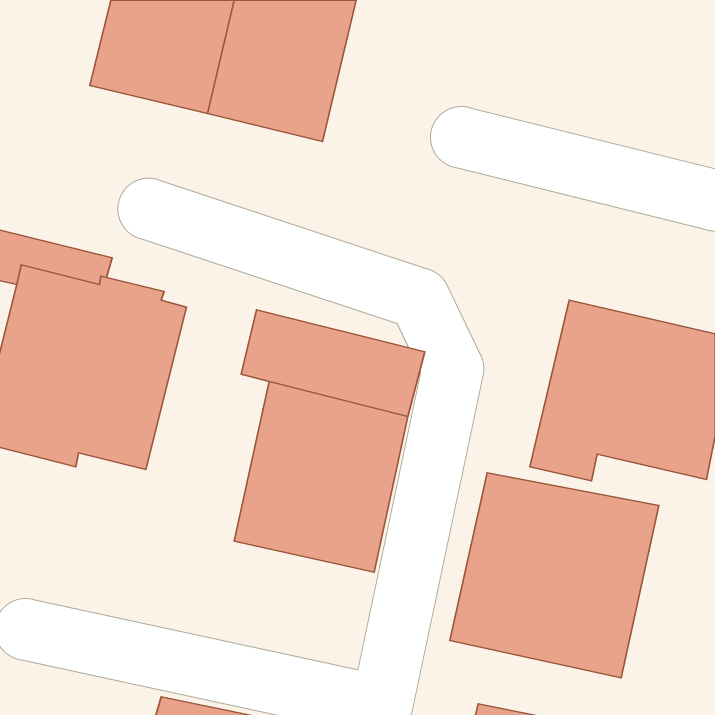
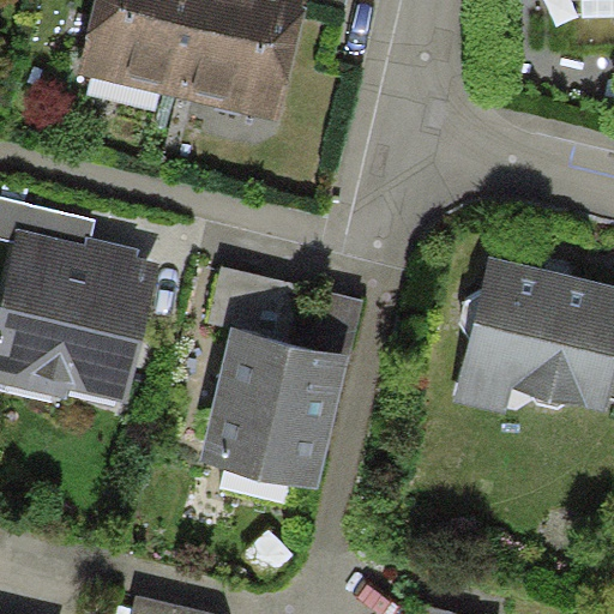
building: [450,473,659,678] -> none

